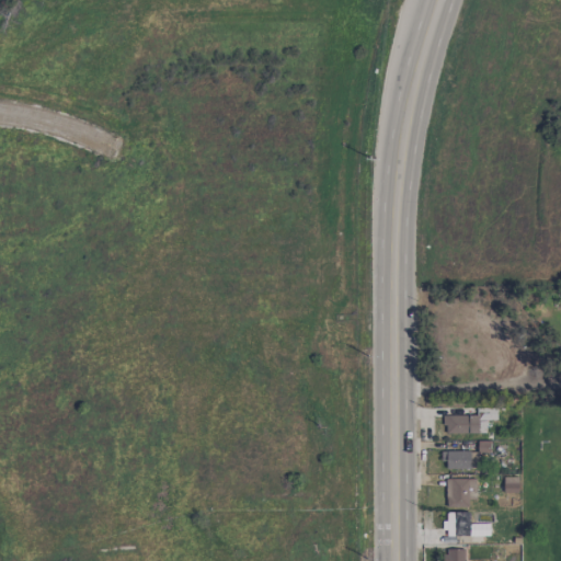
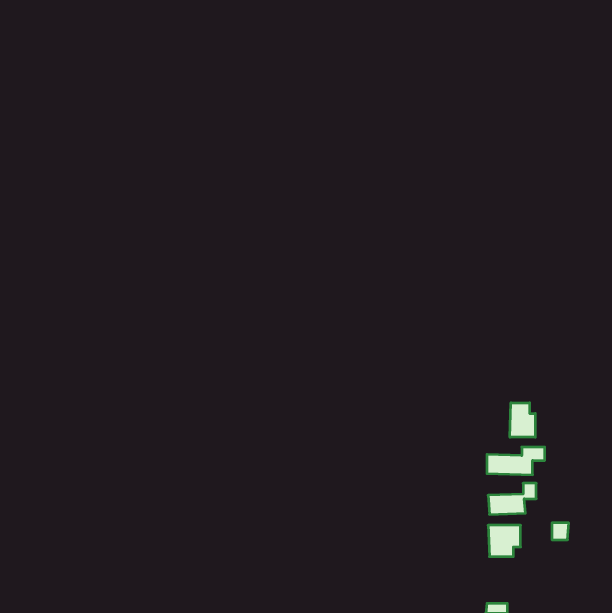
building: none -> [510,403,535,437]
building: [446,512,491,536] -> none

